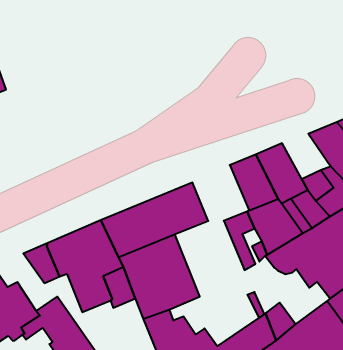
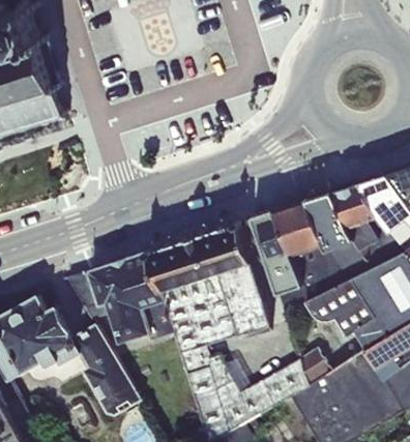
building: none -> [330,183,377,228]
building: none -> [251,208,292,263]
building: none -> [216,262,269,336]

